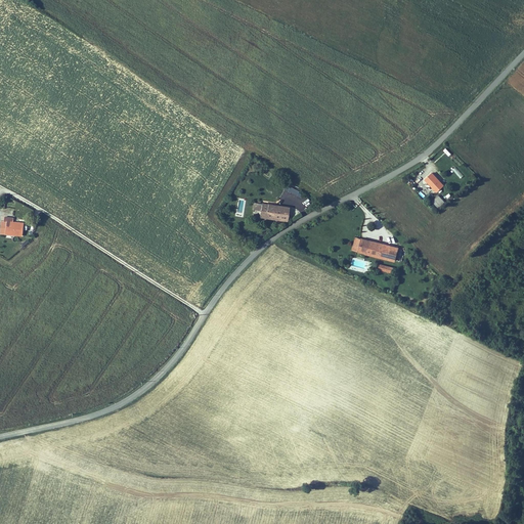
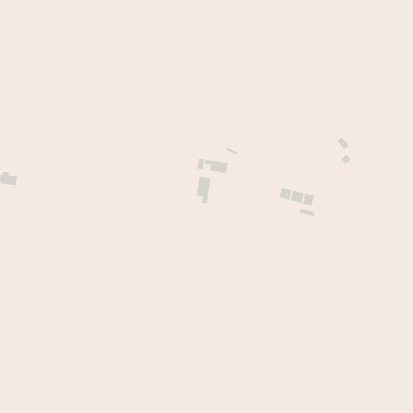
building: none -> [196,176,212,204]

